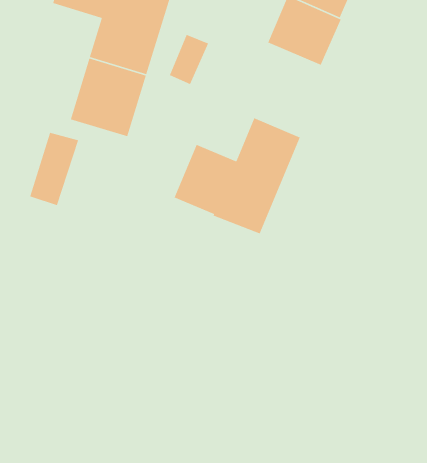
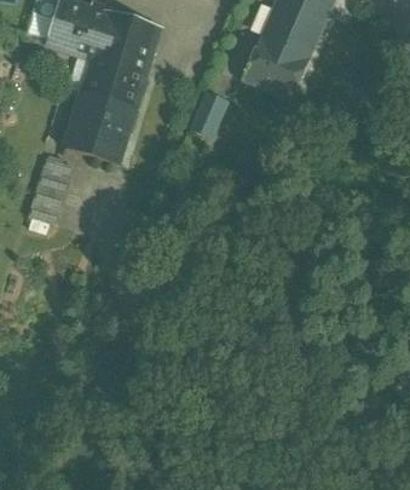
building: [169,34,209,85] -> [192,88,229,134]
building: [174,117,301,235] -> none

